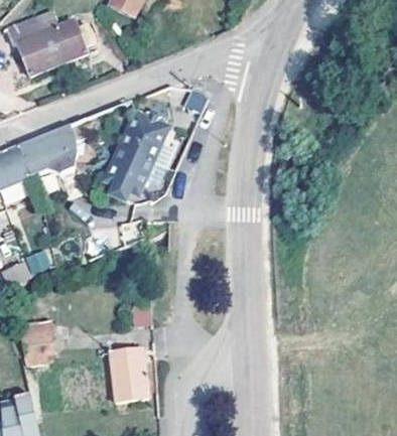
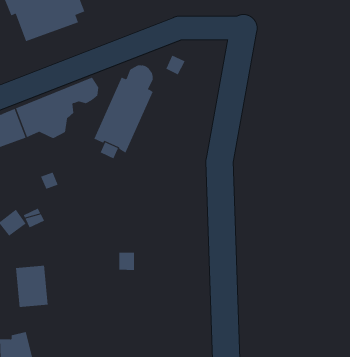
building: [108,348,149,404] -> none

